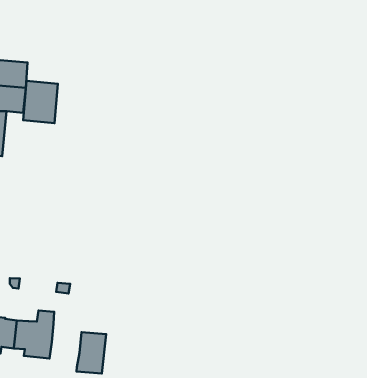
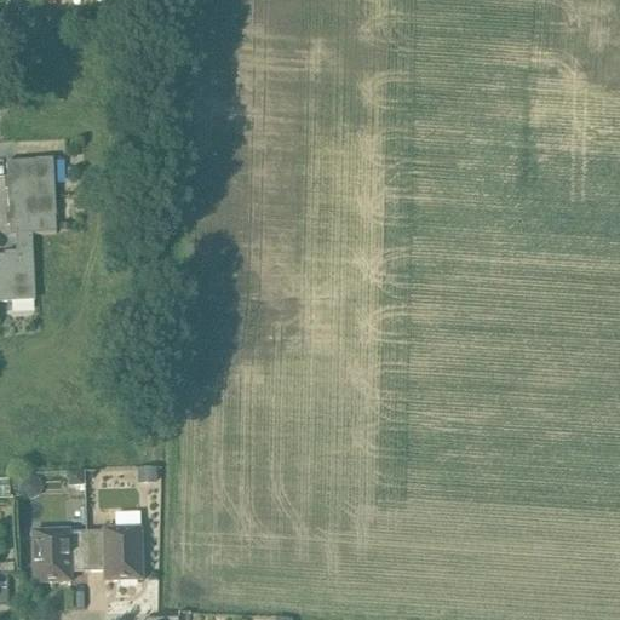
building: [23,81,58,123] -> none
building: [77,332,106,373] -> none

